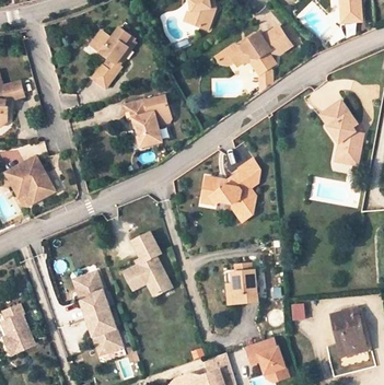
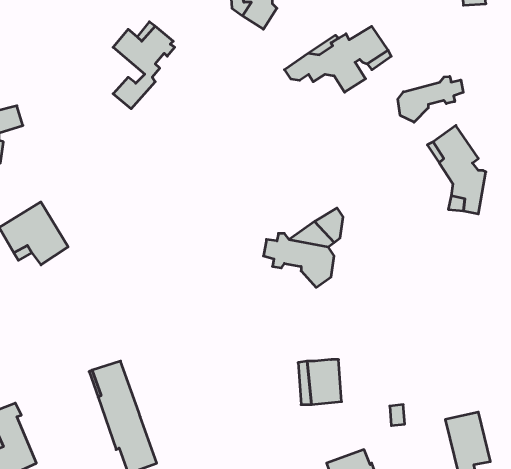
building: none -> [398,76,463,122]
building: [123,97,173,149] -> none
building: [121,231,171,295] -> none

